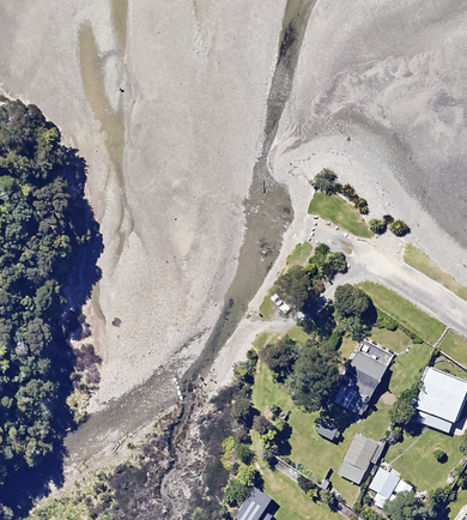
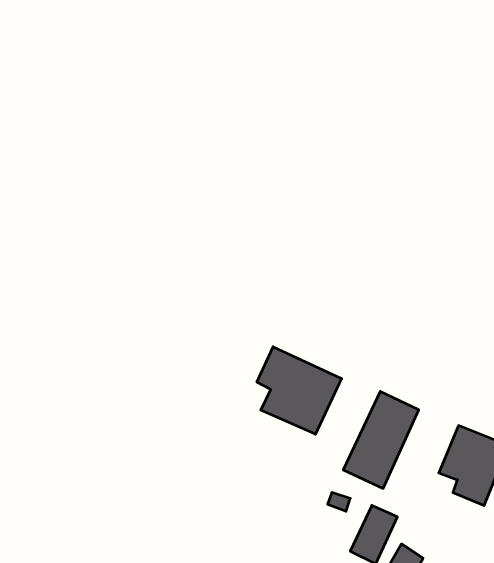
building: none -> [257,347,342,434]

